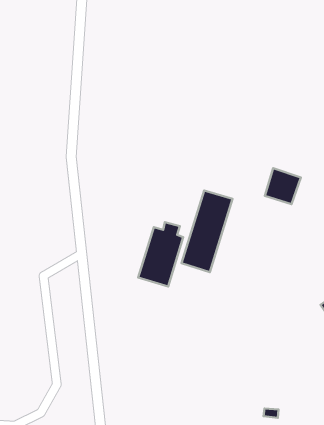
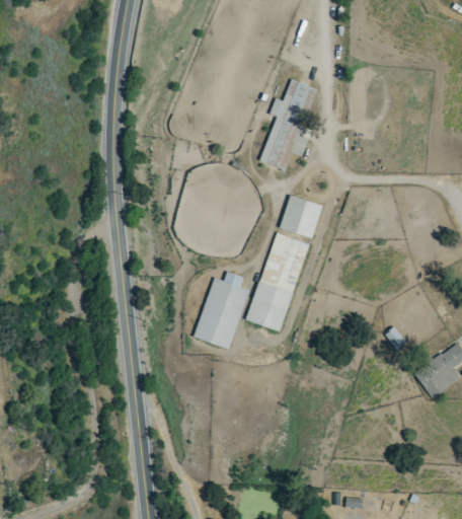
building: none -> [260,78,315,169]
building: [265,168,301,204] -> [280,194,323,237]

